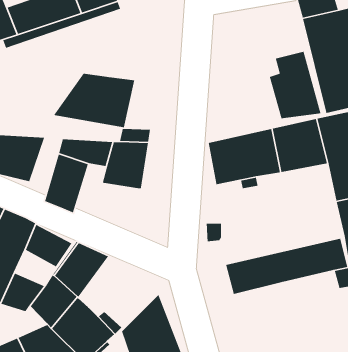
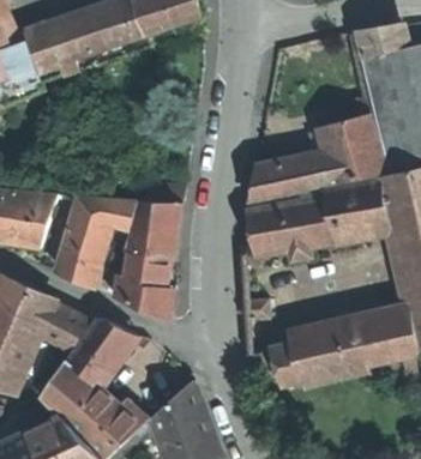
building: [53,73,135,128] -> none
building: none -> [248,149,337,198]
building: none -> [113,249,175,318]

